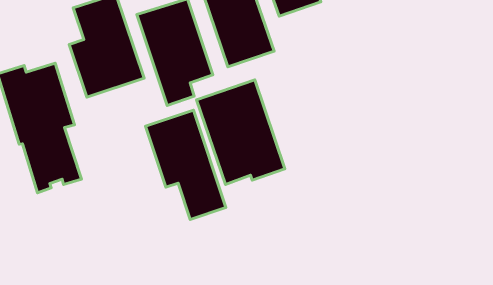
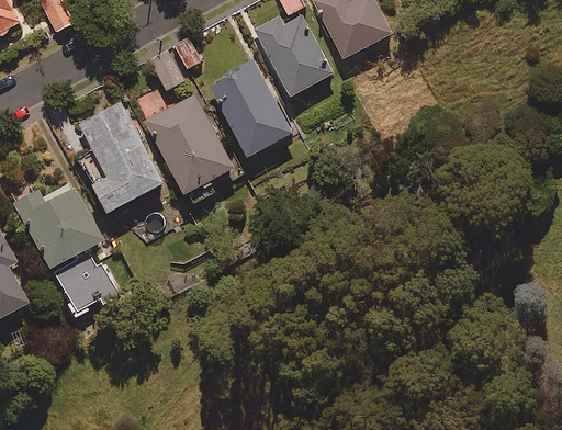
building: [197,80,285,184] -> none
building: [146,110,226,219] -> none

